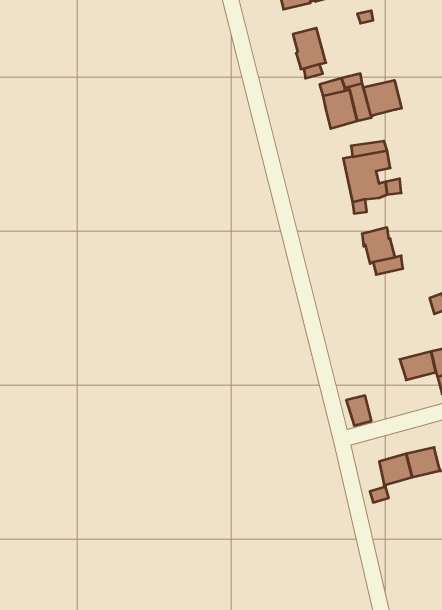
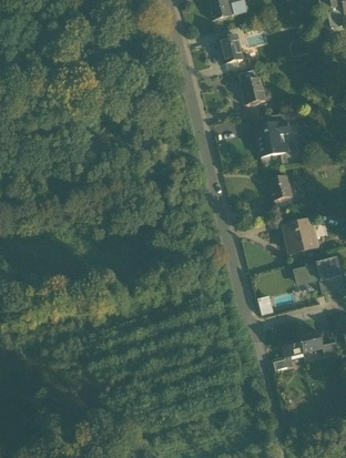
building: [363,80,402,116] -> none
building: none -> [282,220,317,254]

